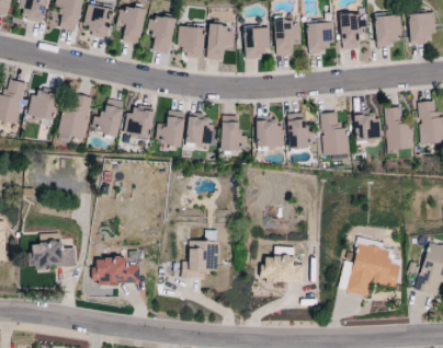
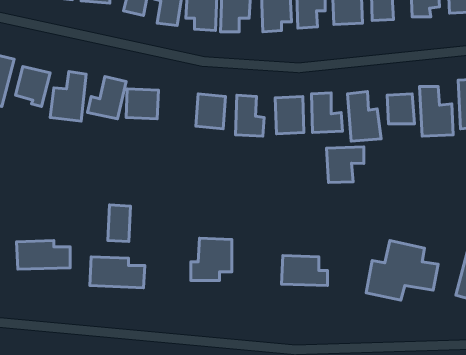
building: [155,109,186,147] -> none
building: none -> [327,147,364,183]
building: none -> [108,205,130,242]

